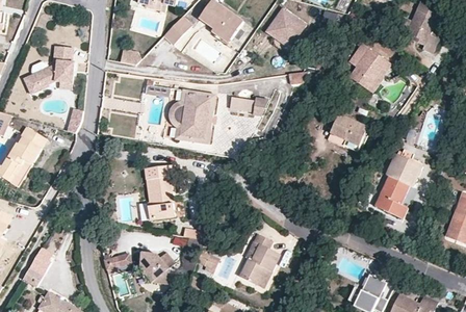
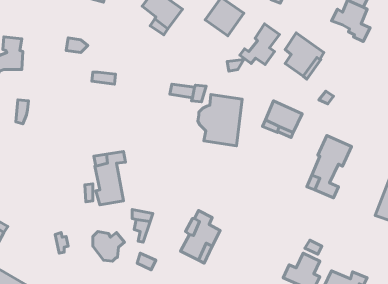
building: [161,15,190,44] -> none
building: none -> [240,24,279,64]
building: [169,89,215,144] -> [198,94,242,146]

